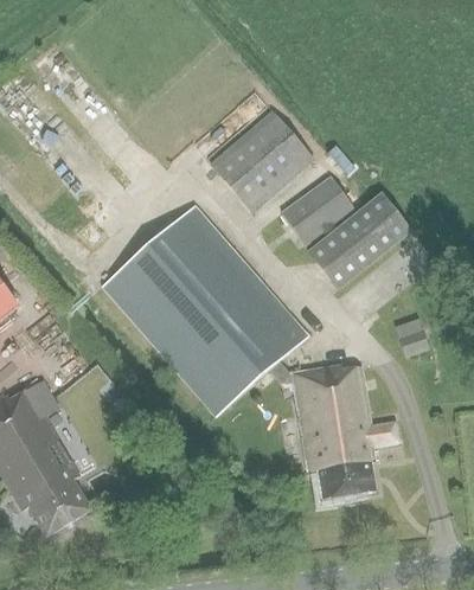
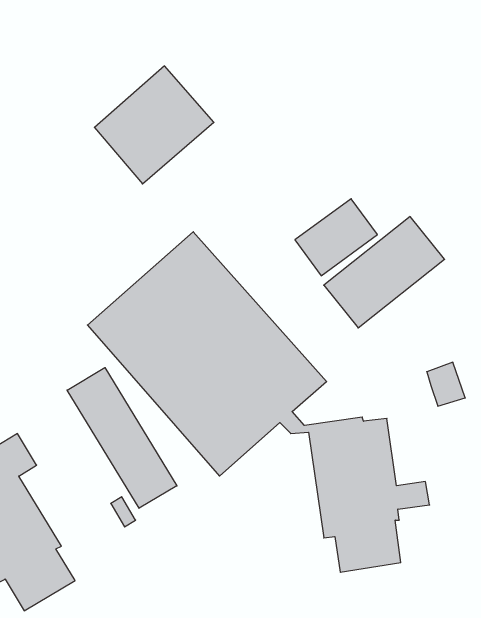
building: [210,109,313,211] -> [94,66,214,184]
building: none -> [67,368,177,508]

